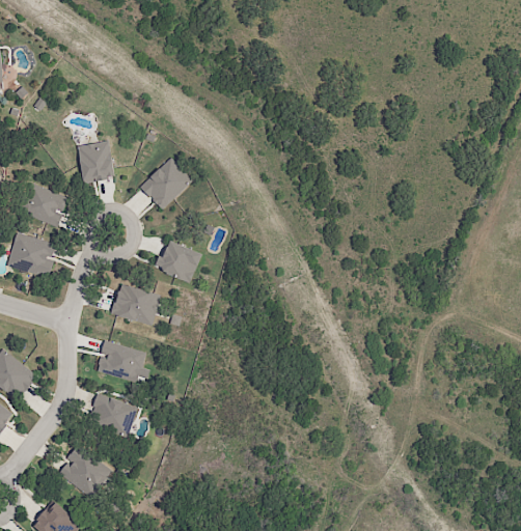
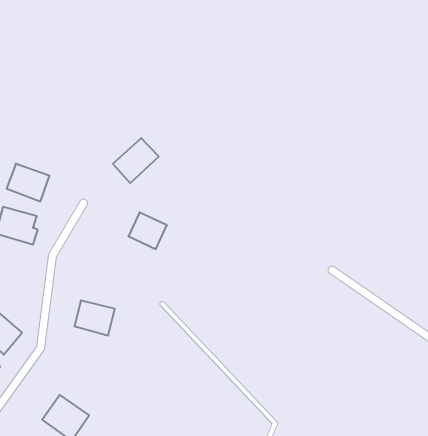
building: [77,141,114,185] -> none
building: [101,275,157,322] -> none
building: [84,392,136,430] -> none

